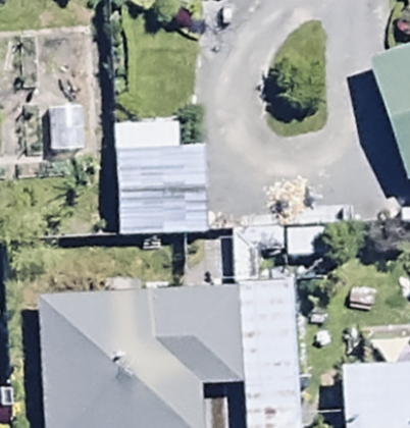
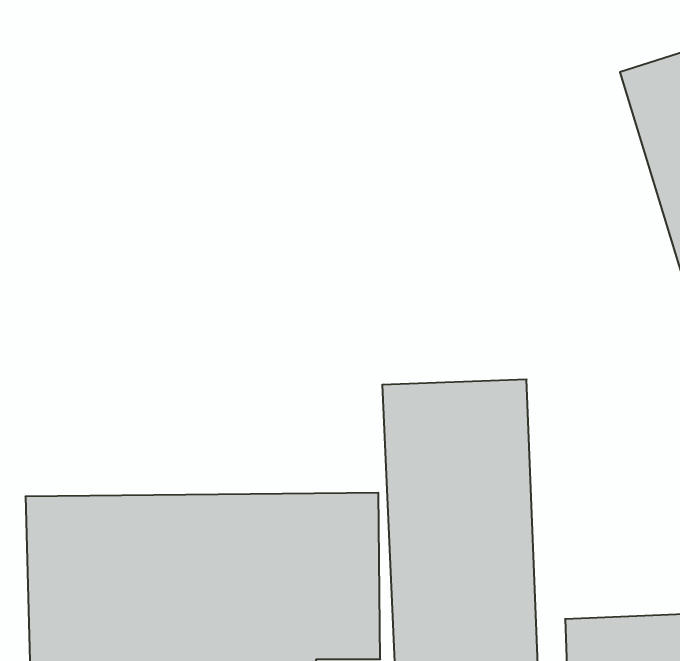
building: [116,121,208,235] -> none

